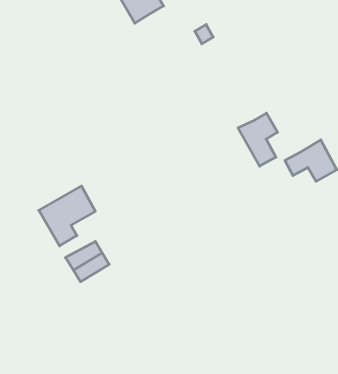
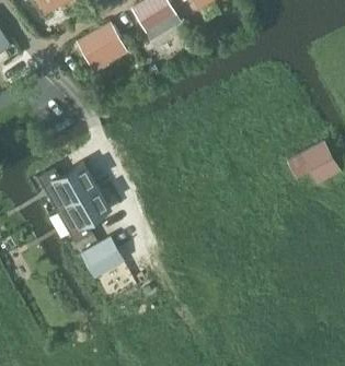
building: none -> [78,25,122,63]
building: [238,113,278,166] -> none
building: none -> [37,163,96,210]

